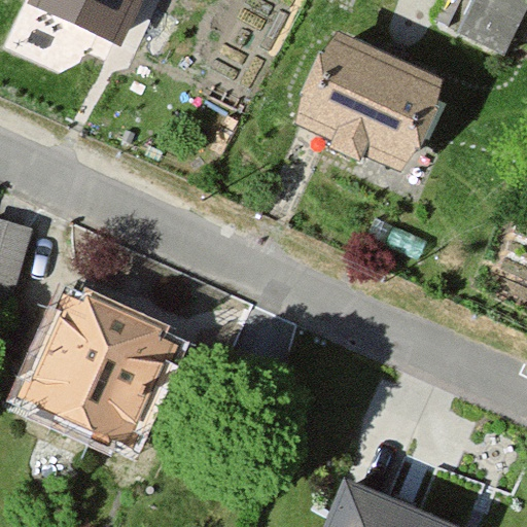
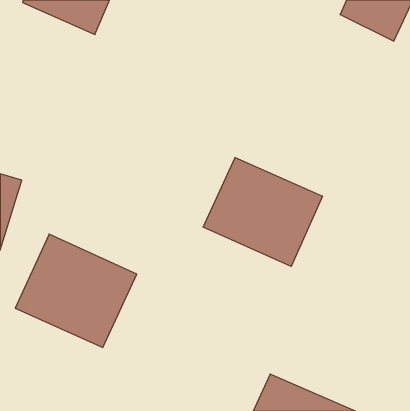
building: [296,38,440,171] -> none
building: none -> [203,157,322,266]

